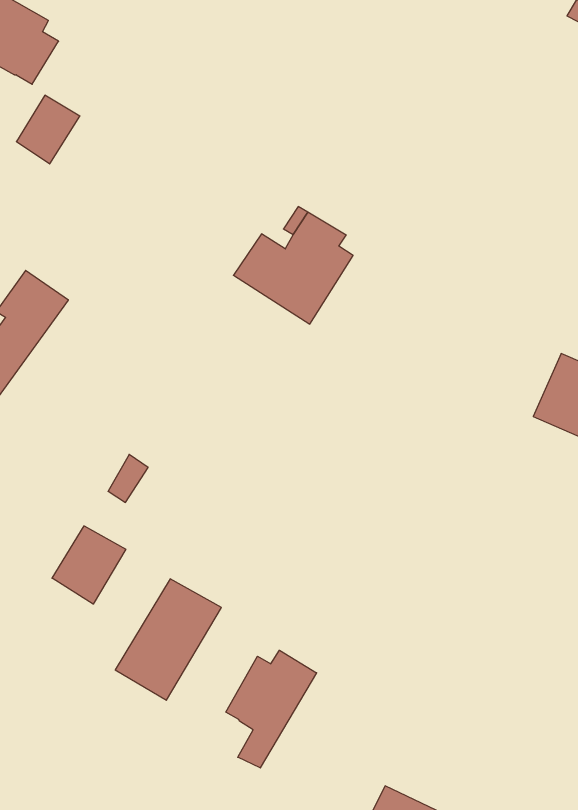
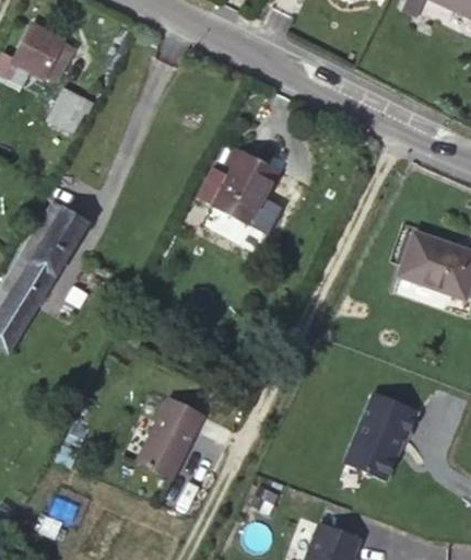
building: [52,526,126,604] -> none
building: none -> [344,393,417,480]
building: [226,650,317,768] -> none

